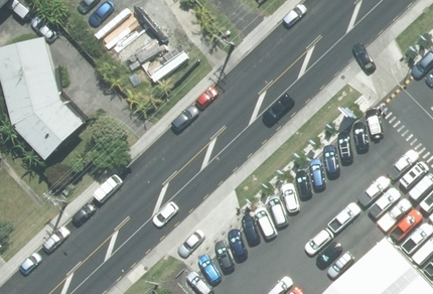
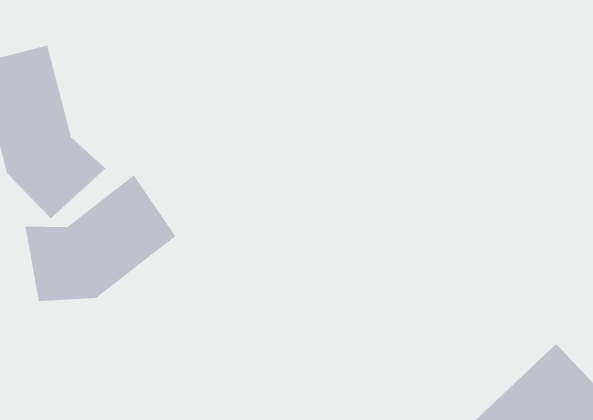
building: none -> [25,175,176,302]

